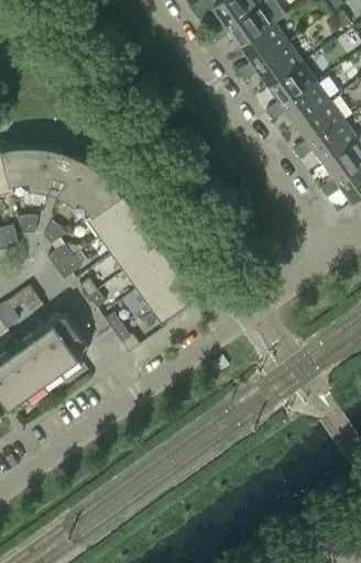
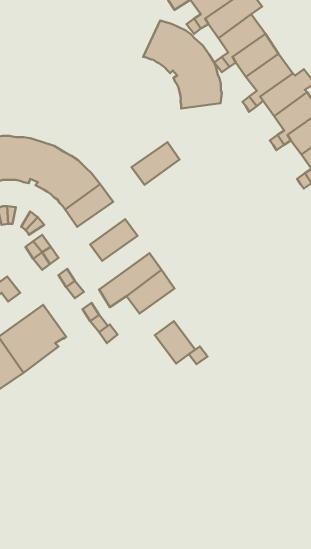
building: none -> [143,20,222,109]
building: [99,210,147,253] -> [131,142,180,185]
building: [124,244,172,287] -> none
building: none -> [155,321,195,364]

